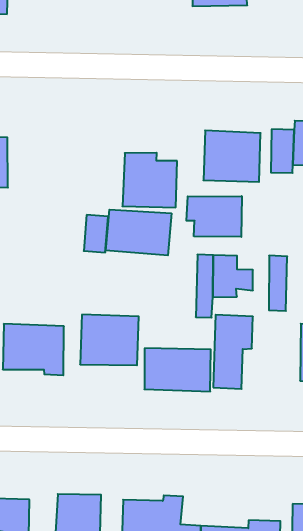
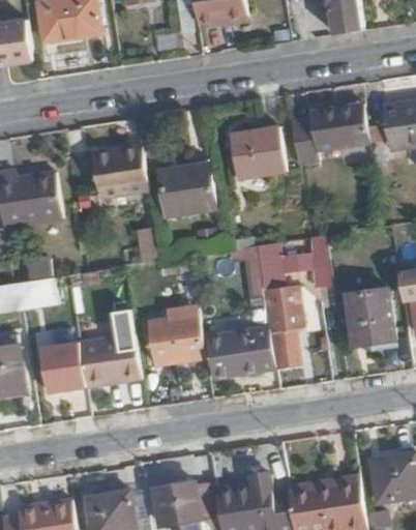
building: none -> [92,138,146,183]
building: [186,196,242,237] -> none
building: [106,210,171,255] -> none

